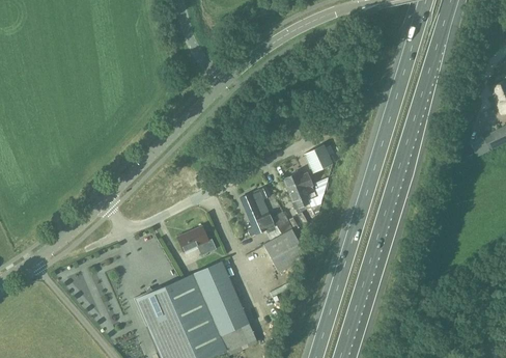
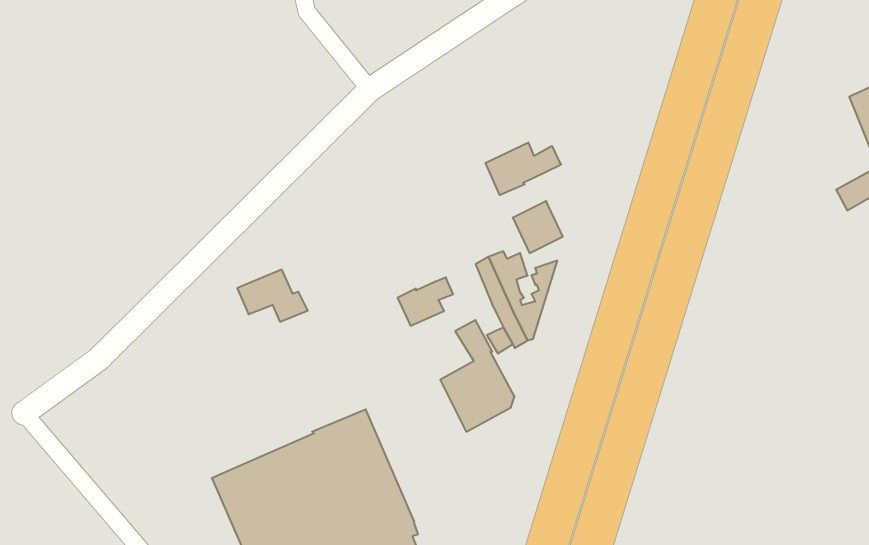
building: none -> [485,142,561,195]
building: [248,205,277,237] -> none
building: [178,226,218,255] -> [237,270,308,322]

